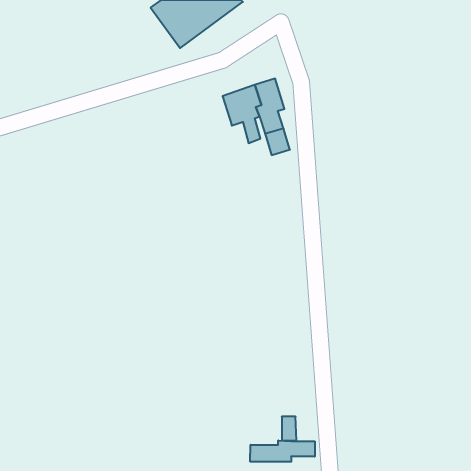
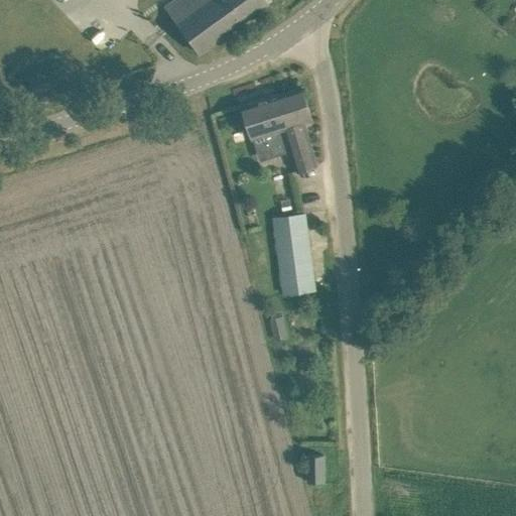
building: none -> [272,214,313,294]
building: [250,440,315,462] -> none

